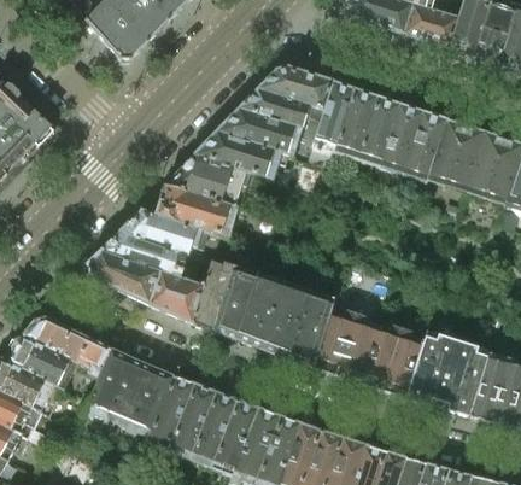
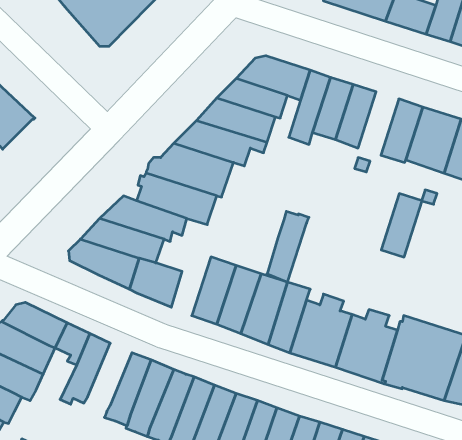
building: [380,103,421,166] -> [381,194,422,257]
building: [192,257,234,328] -> [267,211,309,282]
building: [101,356,152,426] -> none

